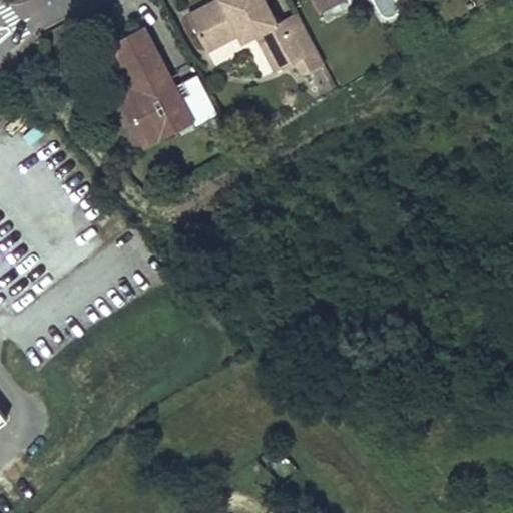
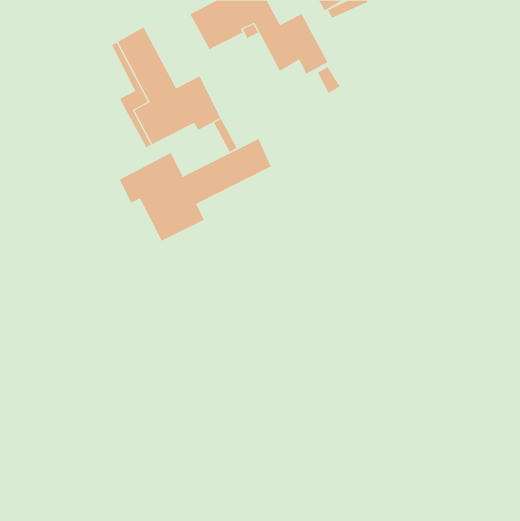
building: none -> [119,138,271,242]

